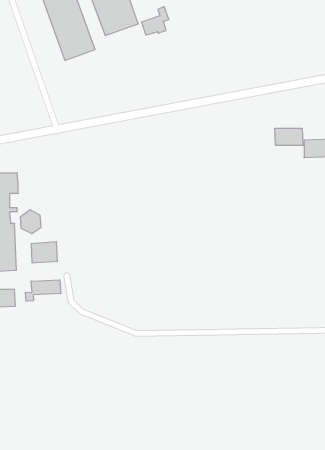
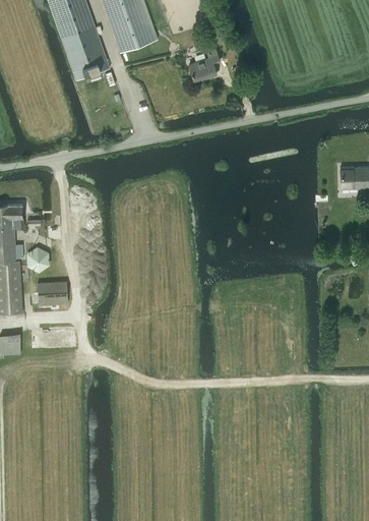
building: [141,7,169,35] -> [189,48,220,79]
building: [275,128,303,145] -> none
building: [25,280,61,301] -> none

